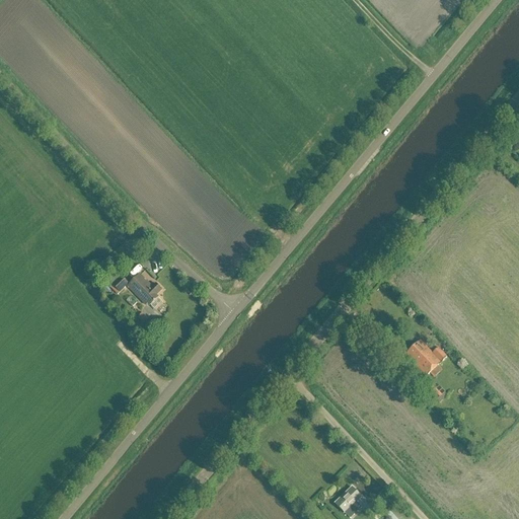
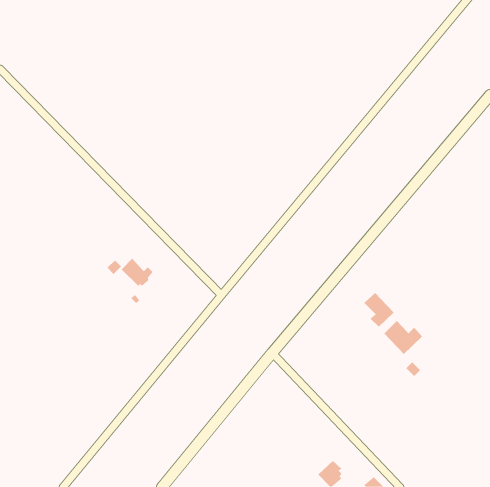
building: none -> [364,292,394,328]

